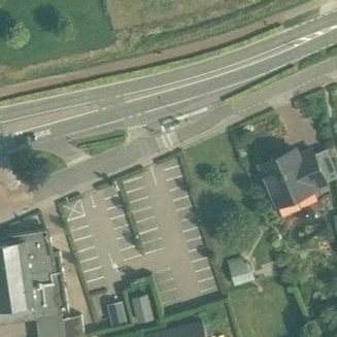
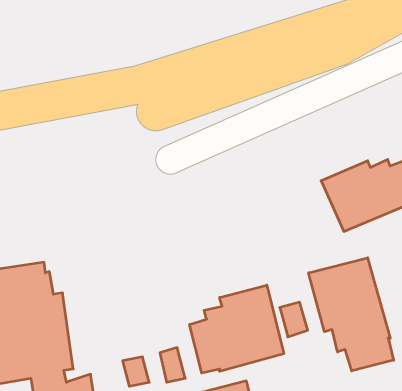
building: none -> [309,258,394,371]
building: none -> [190,285,284,373]

